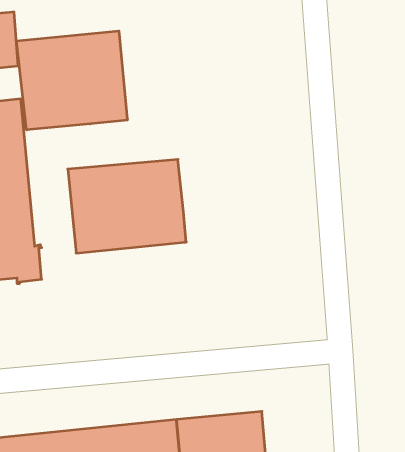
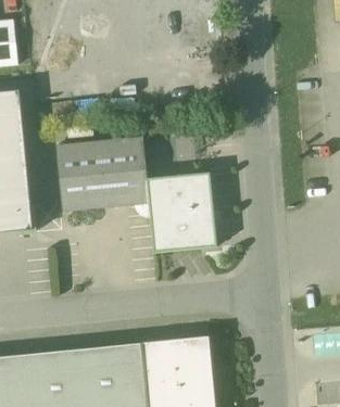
building: [16,31,127,130] -> none
building: none -> [148,173,217,252]

